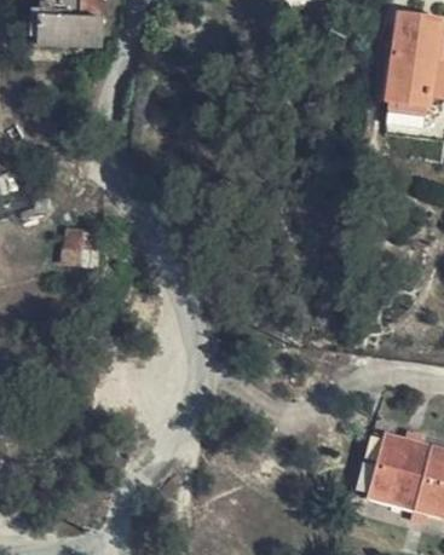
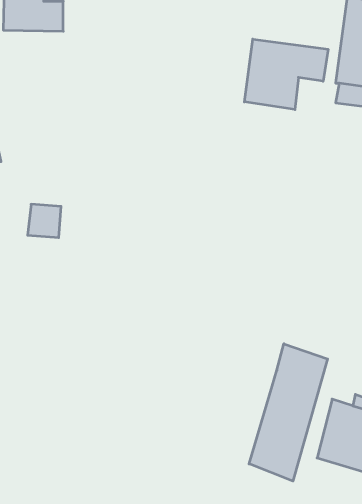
building: none -> [244,39,328,110]
building: none -> [249,344,328,481]

